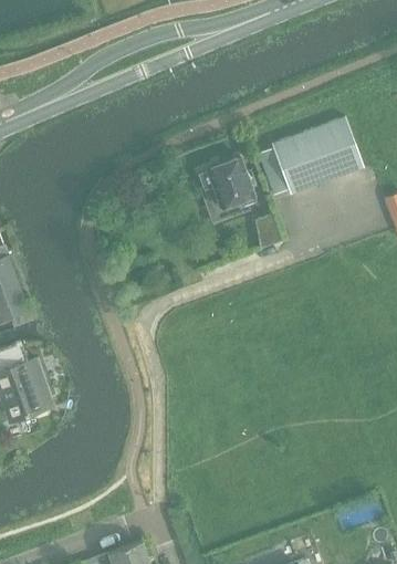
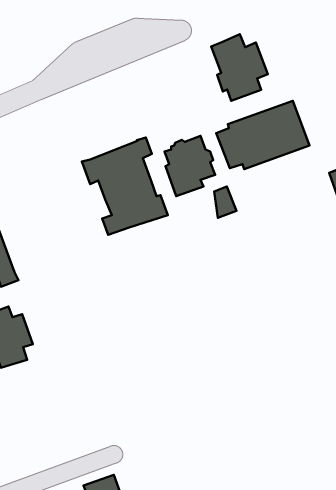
building: none -> [211,34,268,101]
building: none -> [82,137,168,235]

